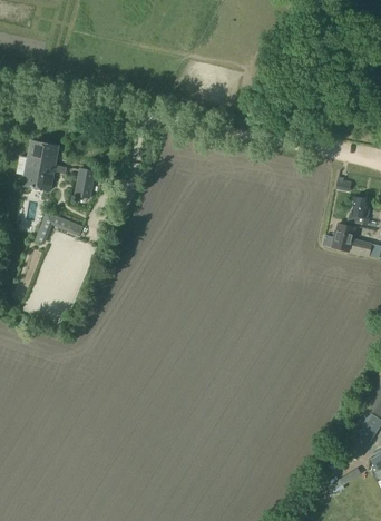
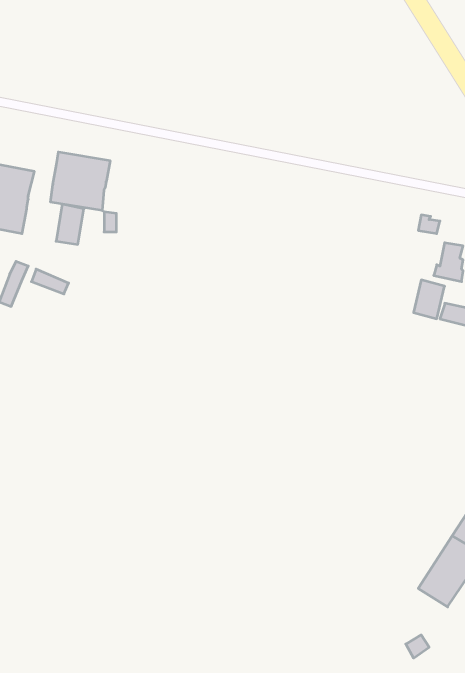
building: none -> [51,152,110,211]

